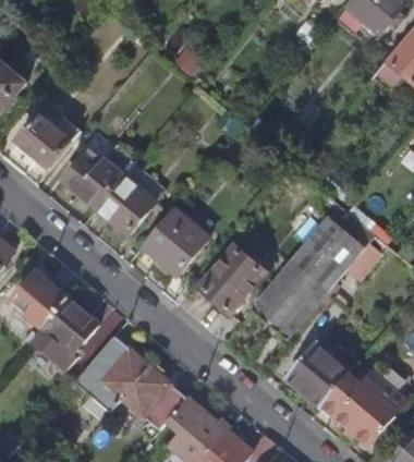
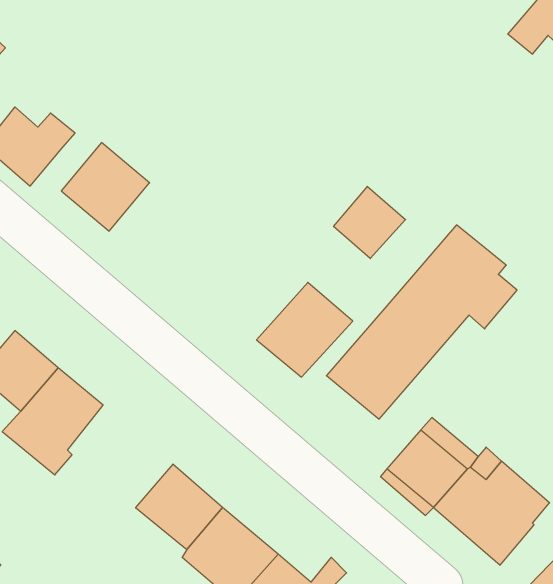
building: [96,175,156,235] -> none
building: none -> [334,186,406,259]
building: [141,207,210,277] -> none
building: [80,343,141,403] -> none

